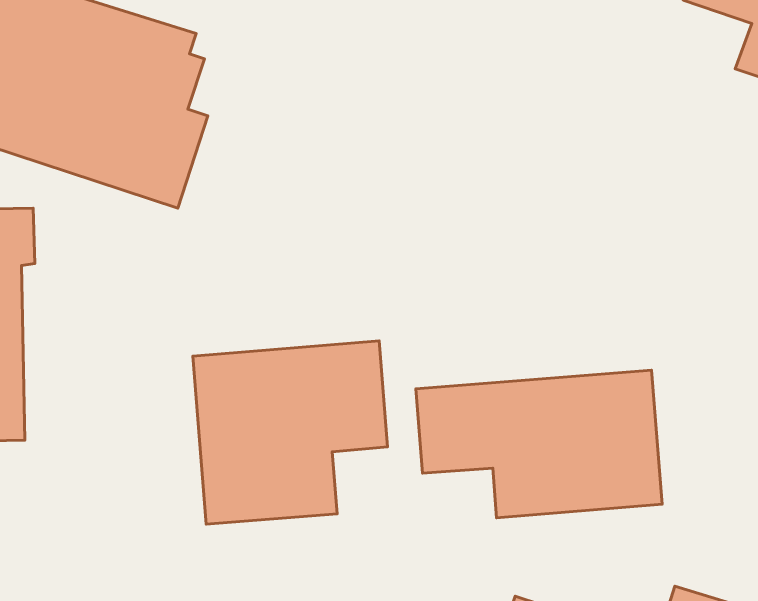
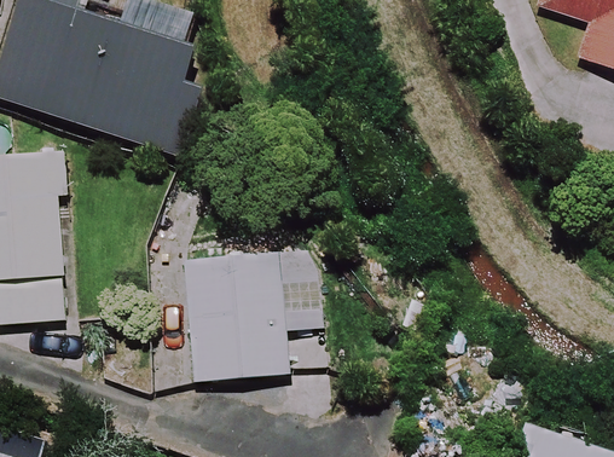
building: [416,370,662,518] -> none

